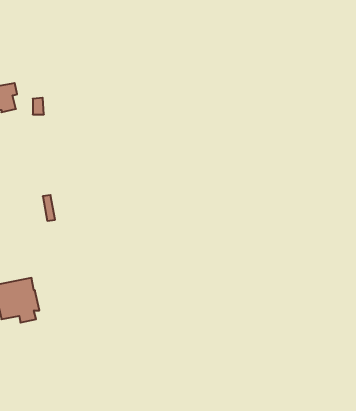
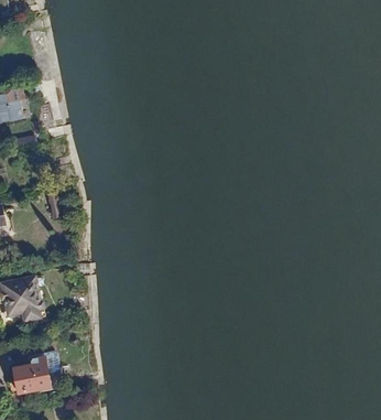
building: none -> [10,355,56,394]

